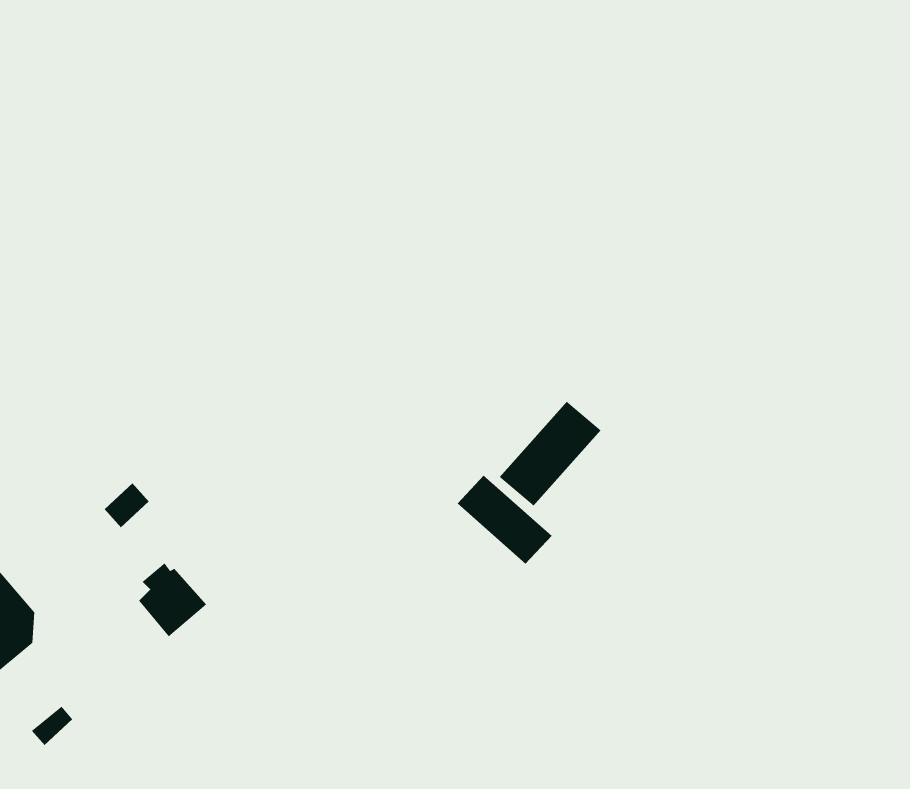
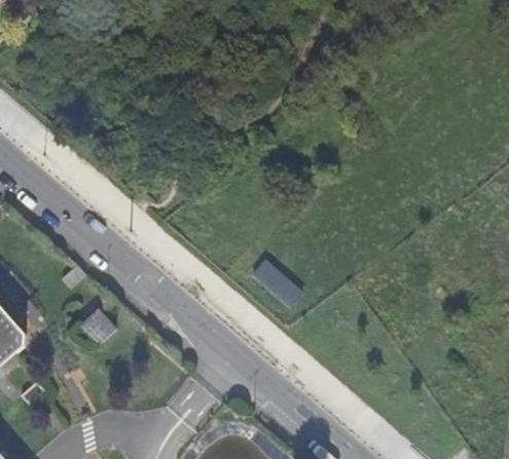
building: [499,401,601,507] -> none

